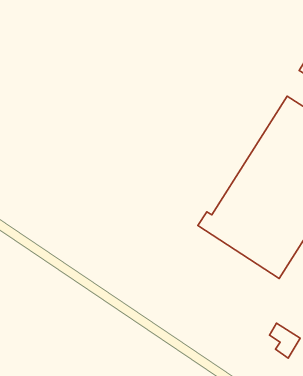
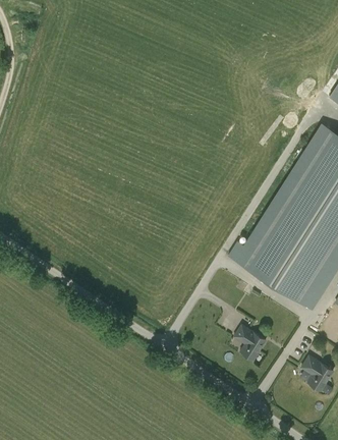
building: none -> [233,326,265,362]

